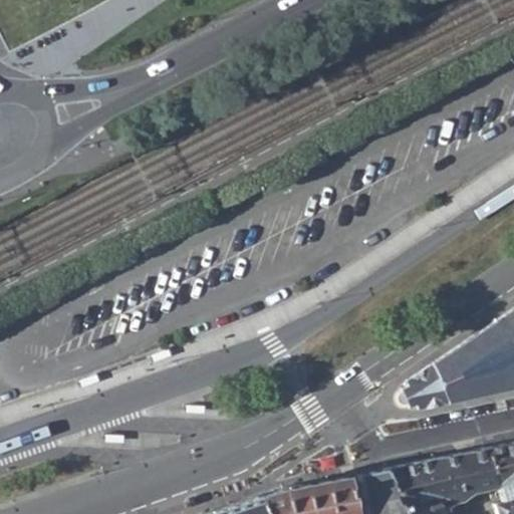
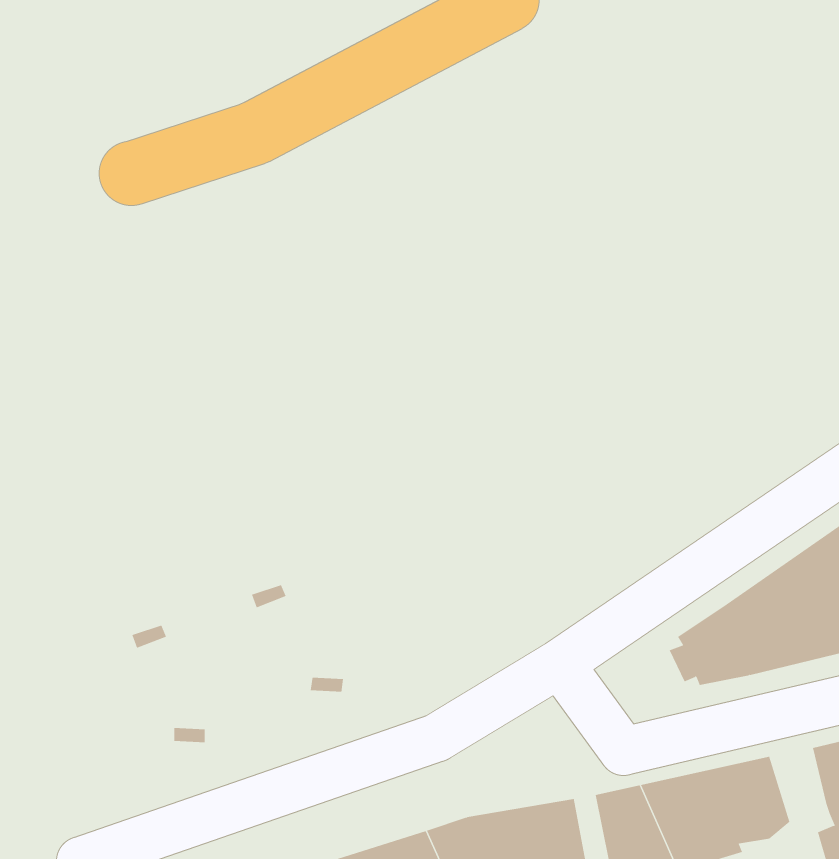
building: [472,447,505,491] -> none

